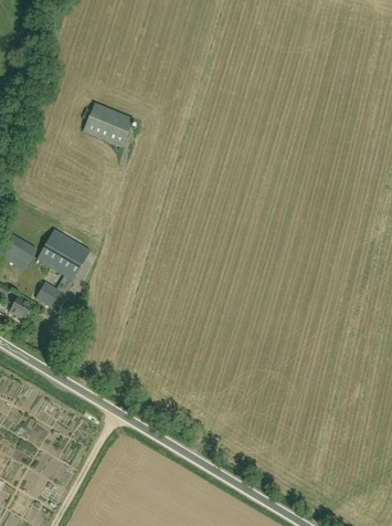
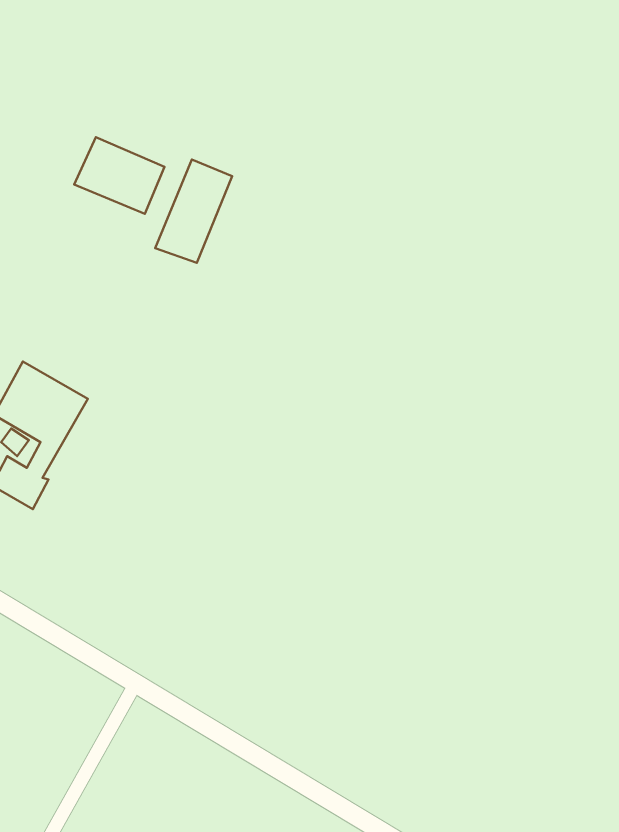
building: none -> [155,160,232,263]

